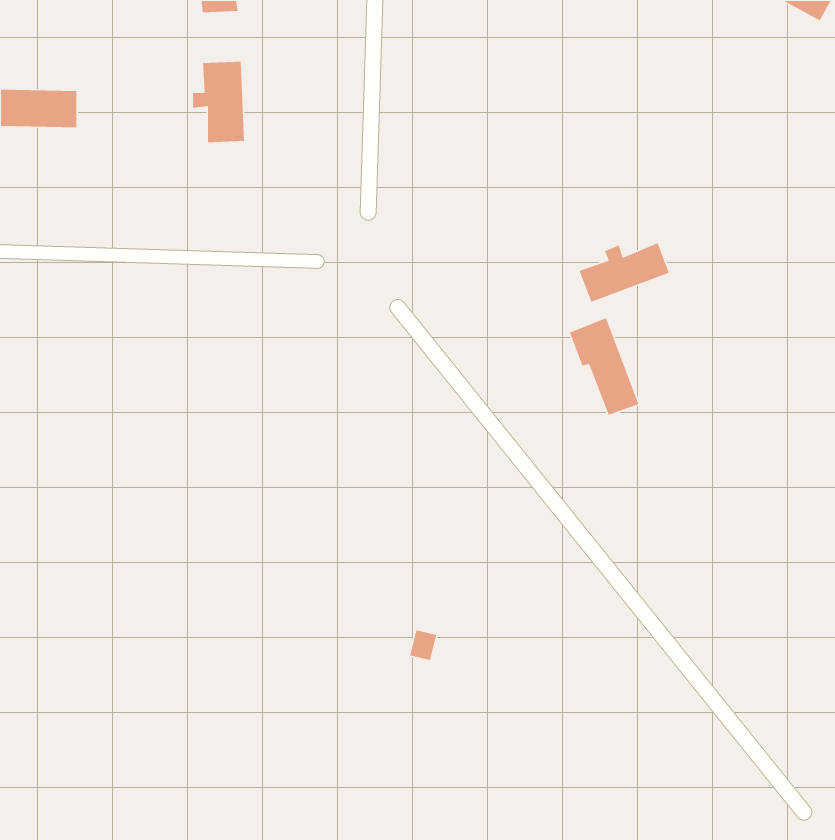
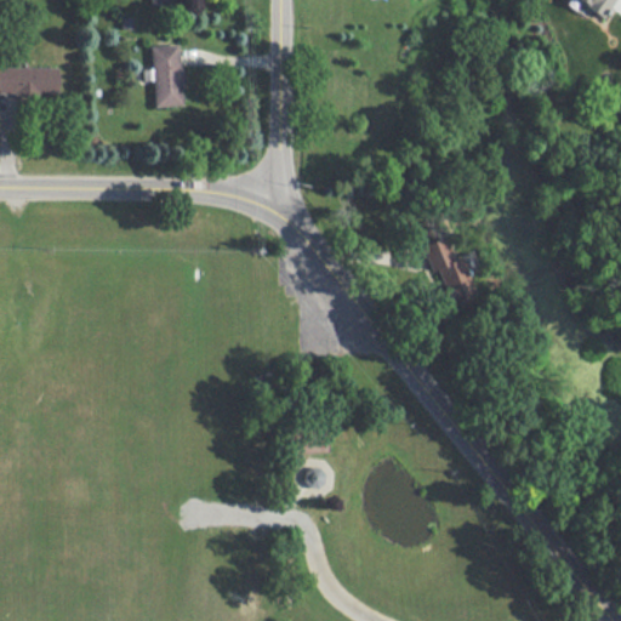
building: [579,242,670,303] -> none

